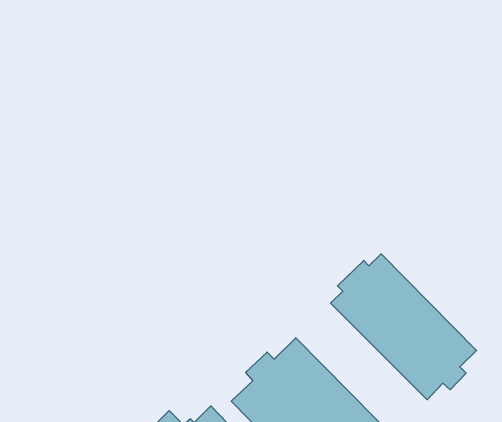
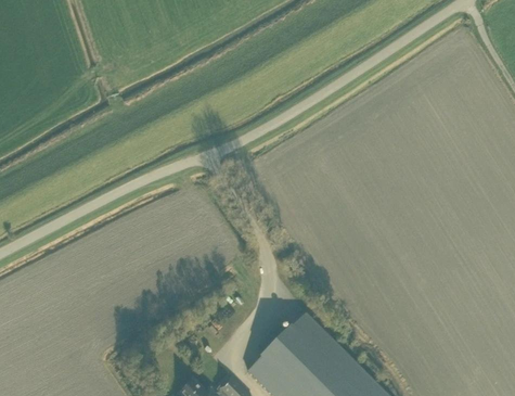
building: [331,254,477,400] -> none

